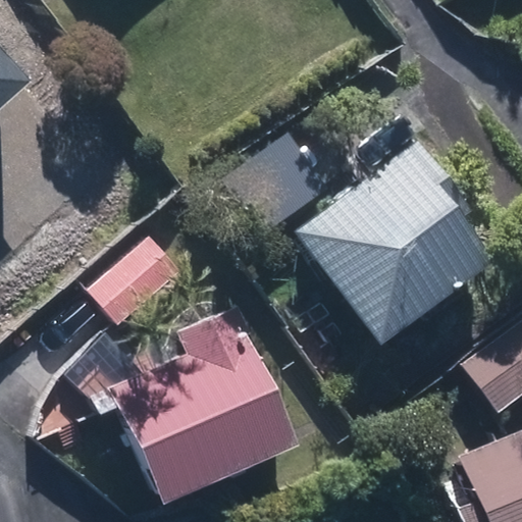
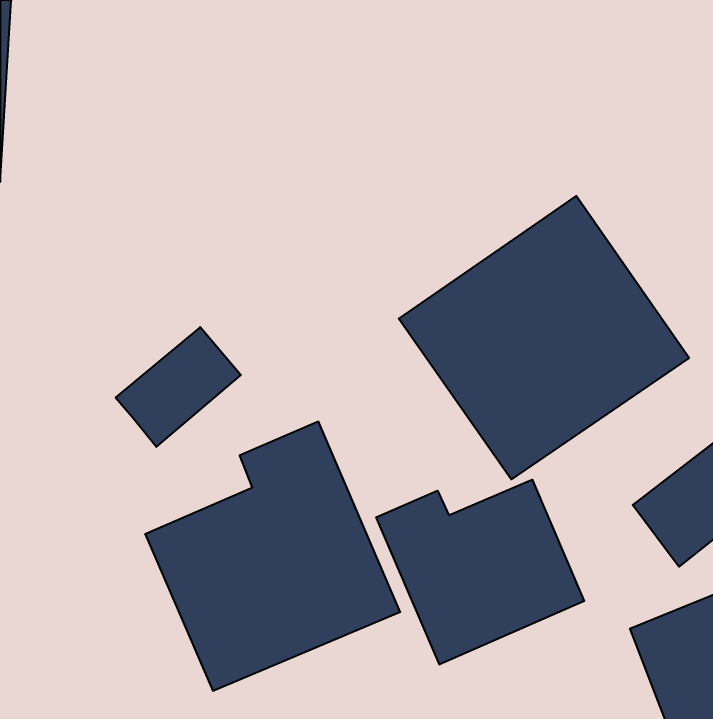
building: none -> [376,480,584,665]

